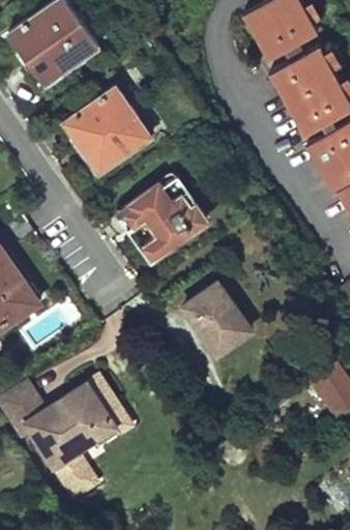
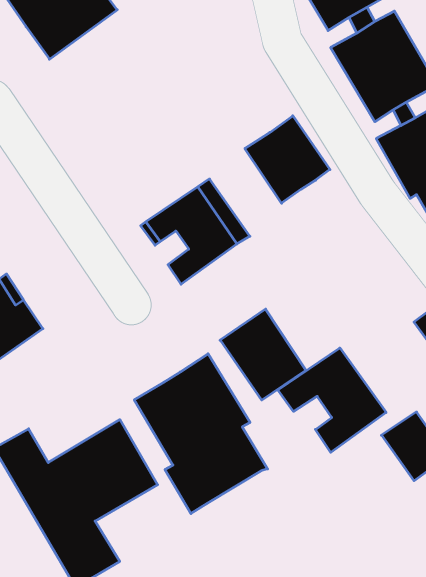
building: [64,86,152,175] -> none
building: none -> [245,116,330,203]
building: none -> [278,348,386,452]
building: none -> [134,354,268,514]

